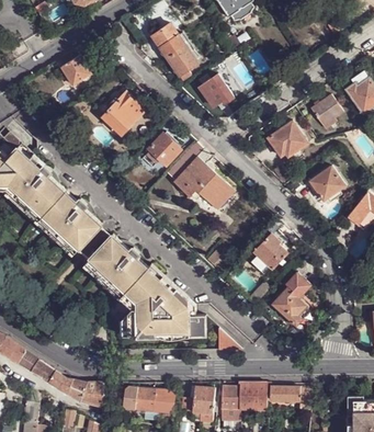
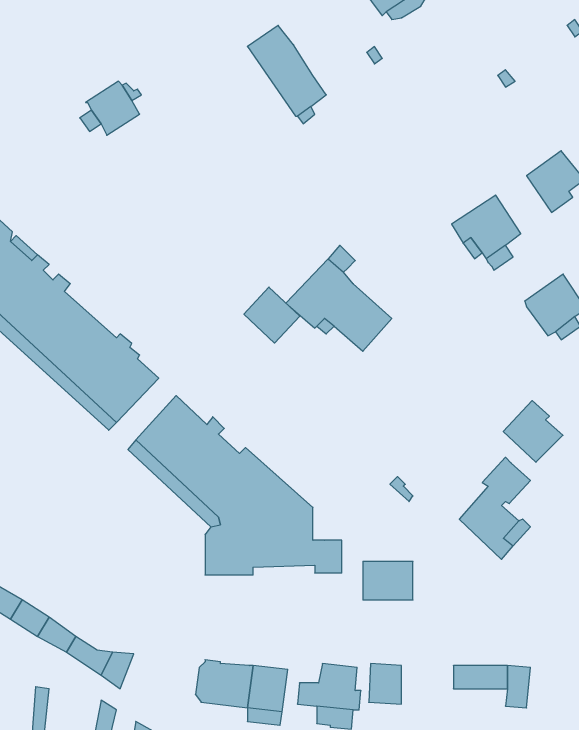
building: [199,75,234,105] -> none
building: [104,93,141,133] -> none
building: [148,134,180,166] -> [244,287,300,343]
building: [253,235,287,270] -> [503,401,563,462]
building: [79,382,104,407] -> none
building: [239,384,267,412] -> none

